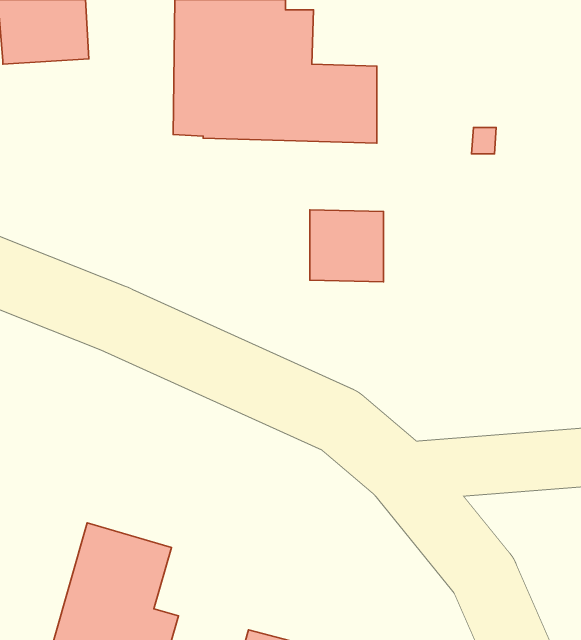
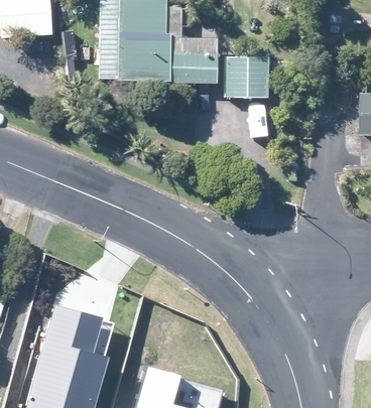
building: [310,210,384,282] -> [228,57,270,99]

